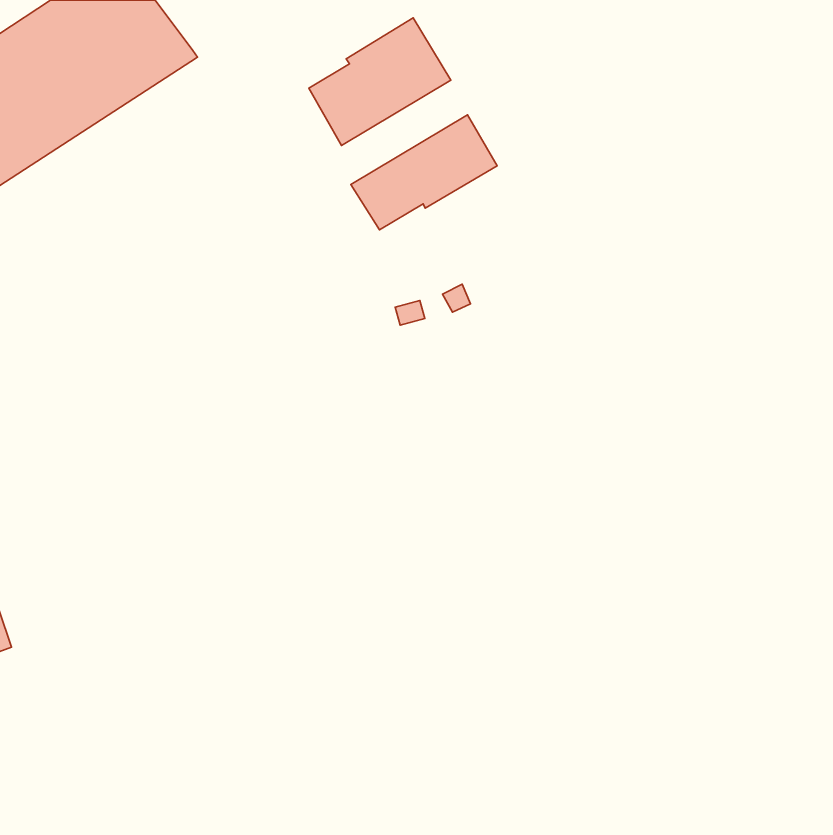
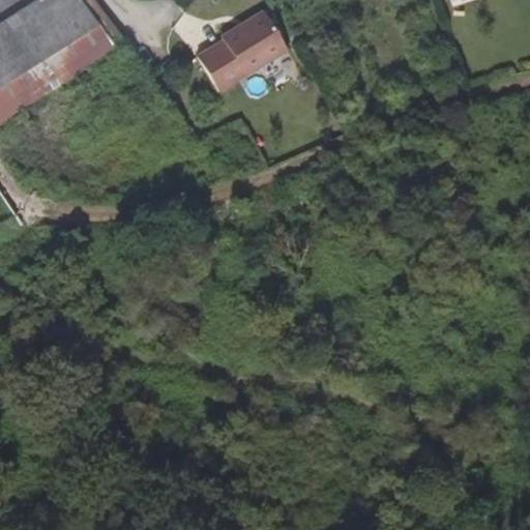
building: [351,115,497,230] -> none

